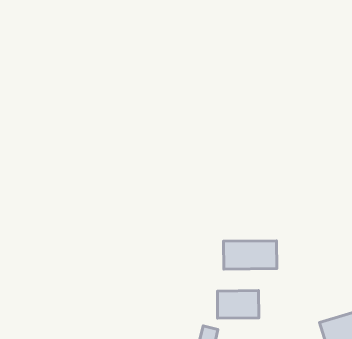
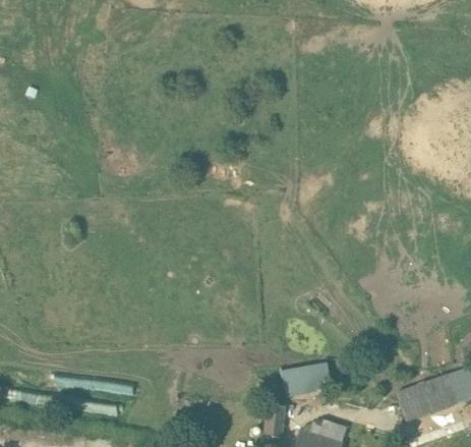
building: [223,241,277,269] -> none

